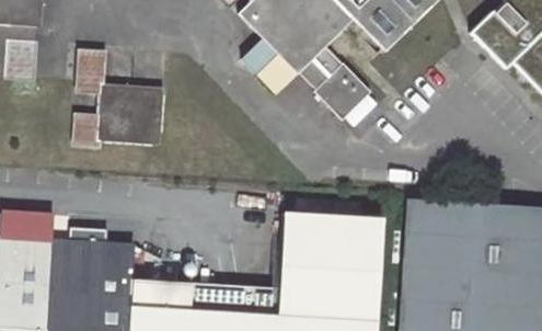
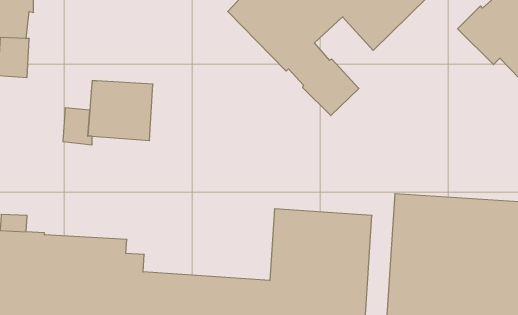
building: [74,49,107,95] -> none

